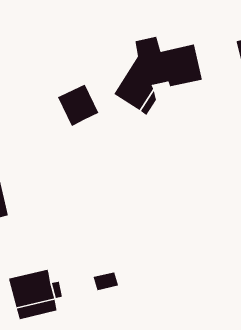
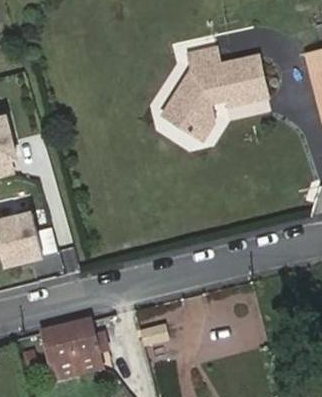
building: [57,84,99,127] -> none

